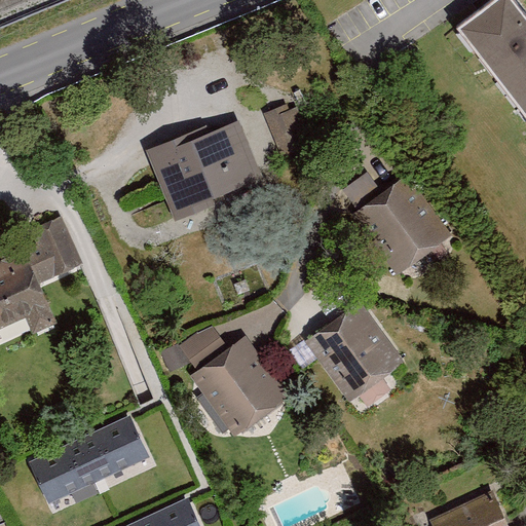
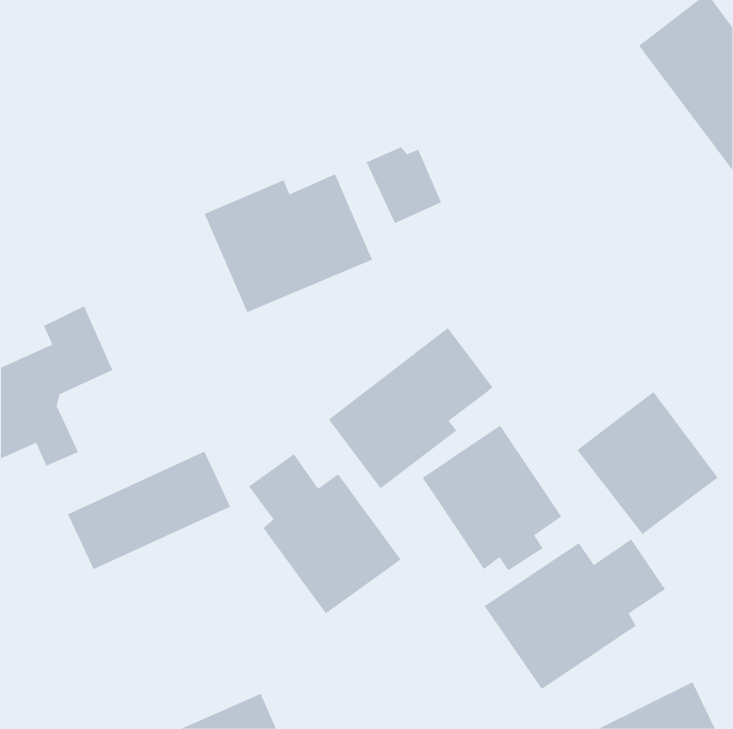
building: [350,176,452,278] -> [576,391,718,535]
building: none -> [328,327,494,489]
building: none -> [484,539,666,690]
building: [31,414,148,499] -> [67,451,231,570]

